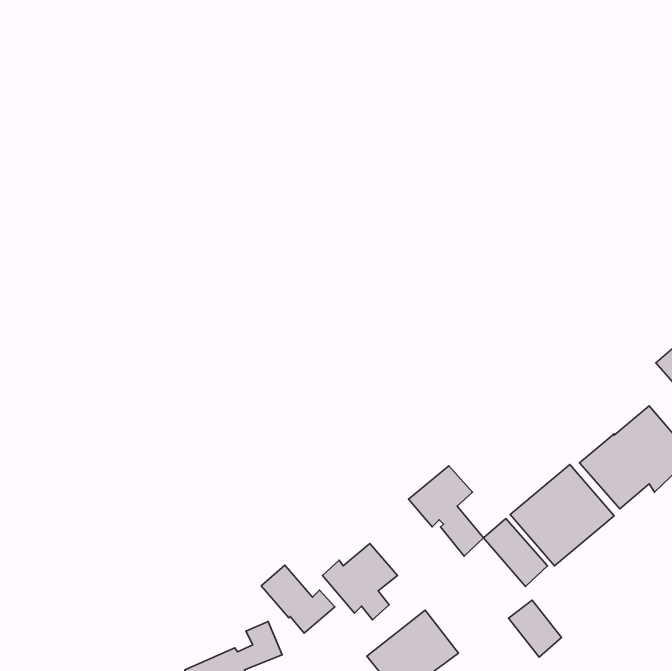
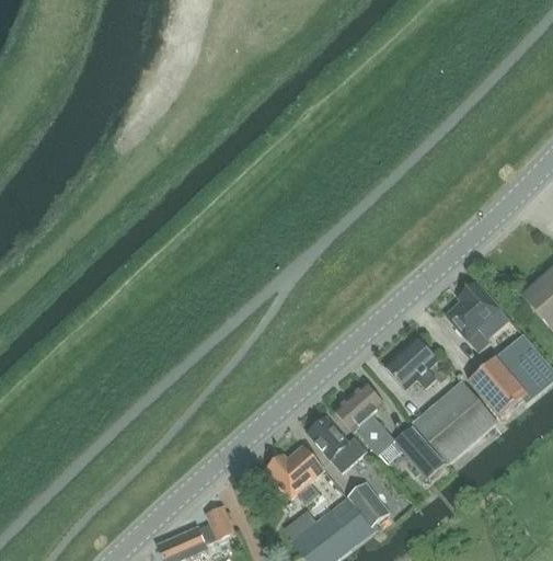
building: none -> [446,282,500,351]
building: none -> [384,337,437,388]
building: [261,565,335,633] -> [308,417,366,471]
building: [509,600,561,657] -> [347,482,389,527]

